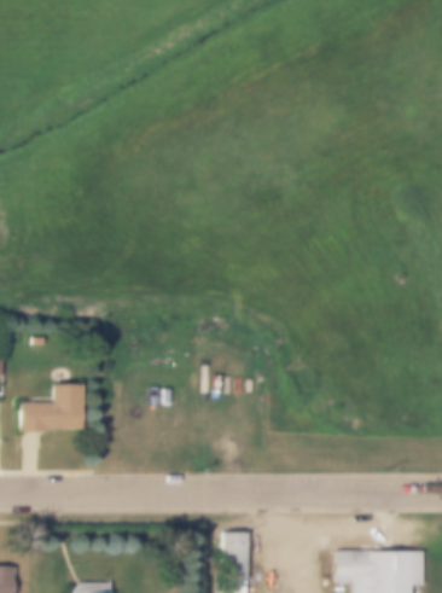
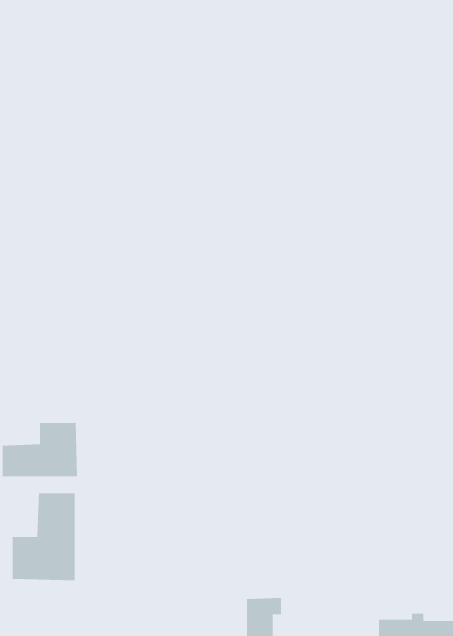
building: none -> [12,493,75,581]

